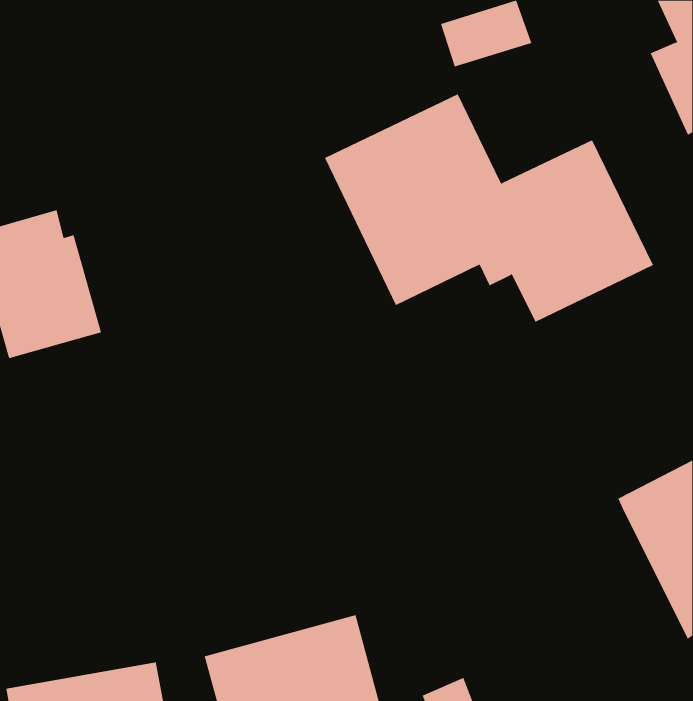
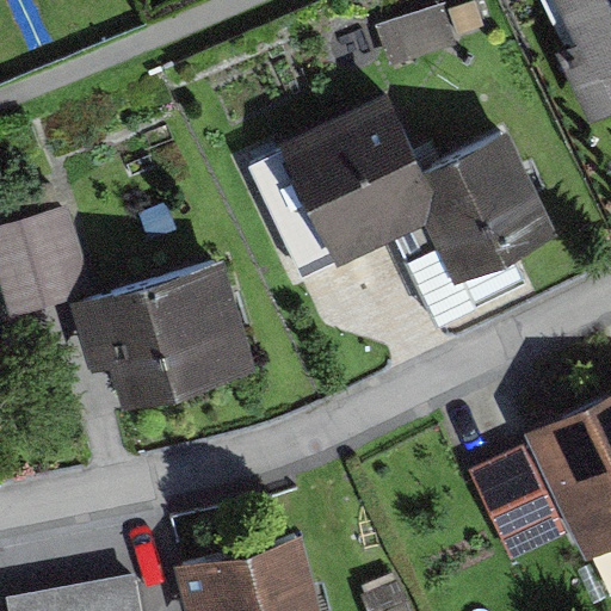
building: none -> [72,260,257,408]
building: none -> [469,445,575,563]

